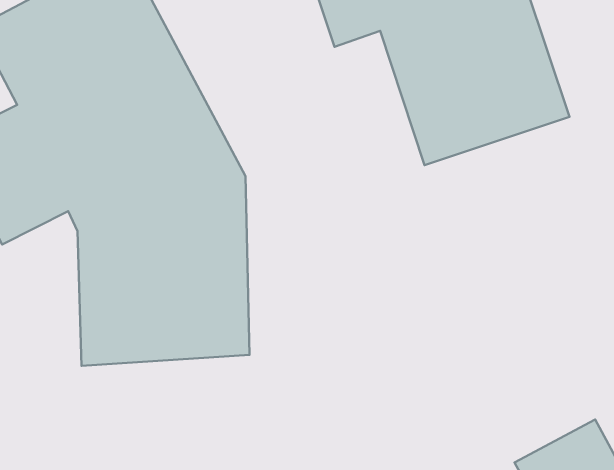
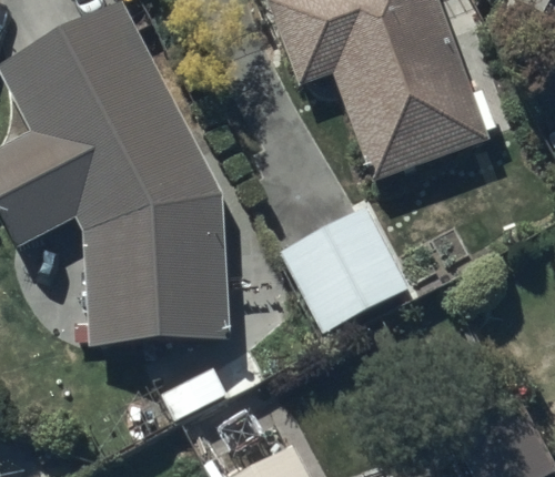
building: none -> [279,206,405,332]

